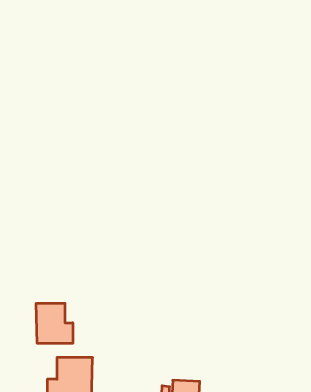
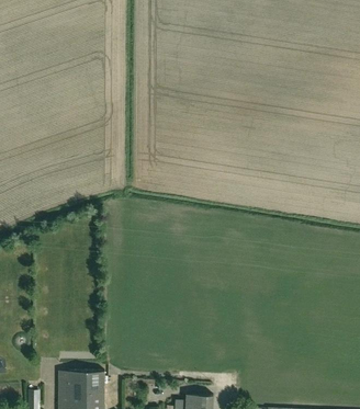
building: [36,303,73,343] -> none

